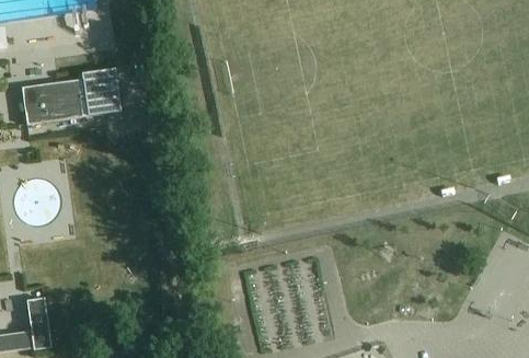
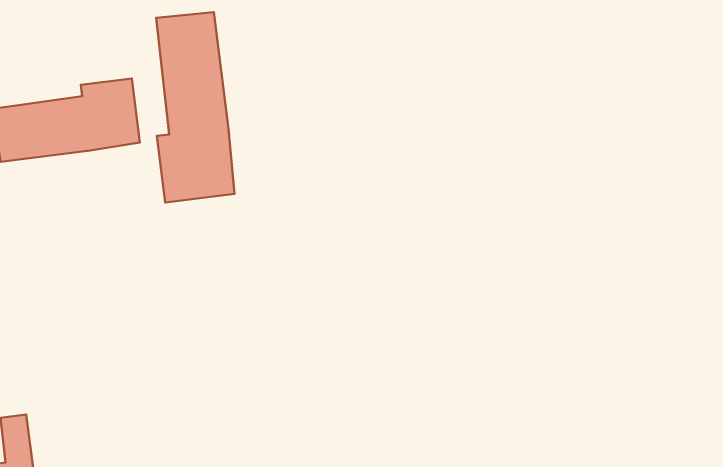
building: none -> [156,12,235,202]

